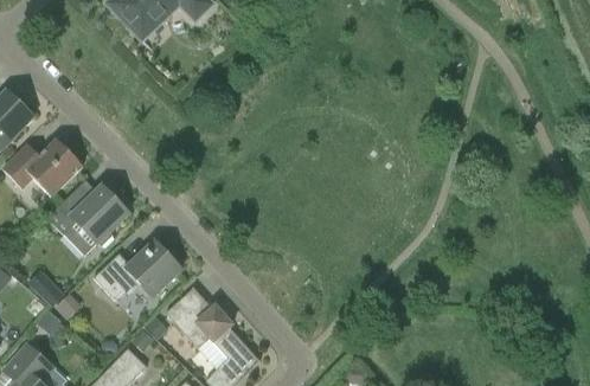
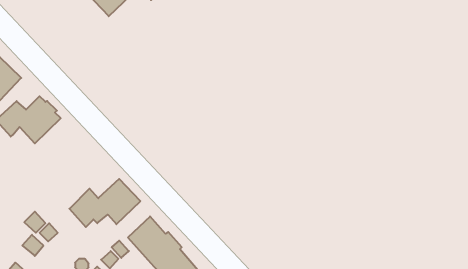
building: [46,185,129,246] -> none

